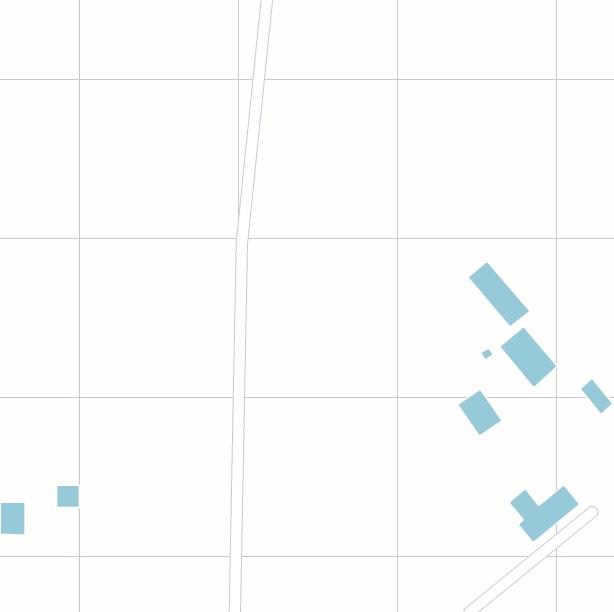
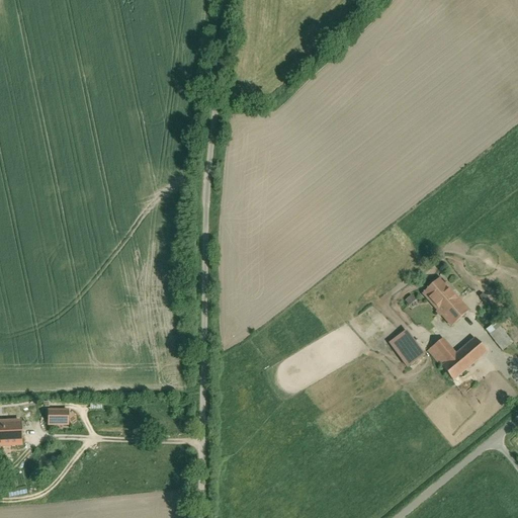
building: [468,261,530,327] -> none
building: [509,485,580,543] -> [429,334,489,382]

